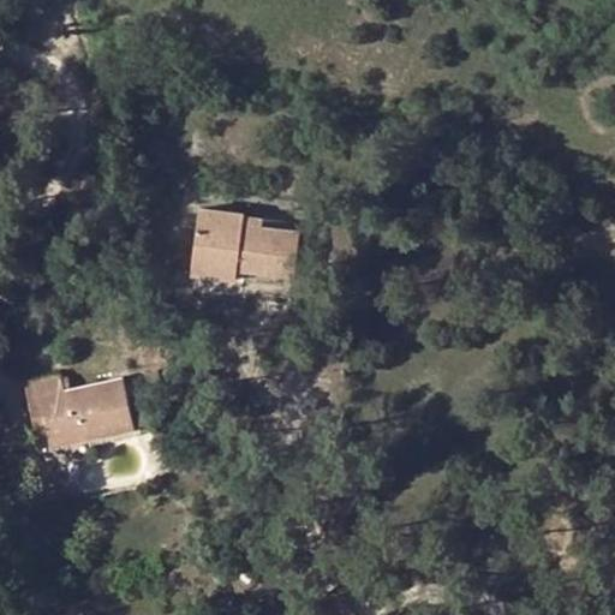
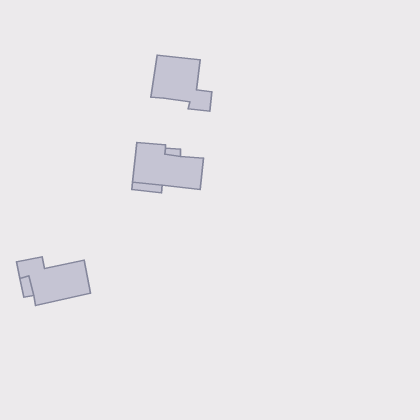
building: none -> [151,55,212,111]

